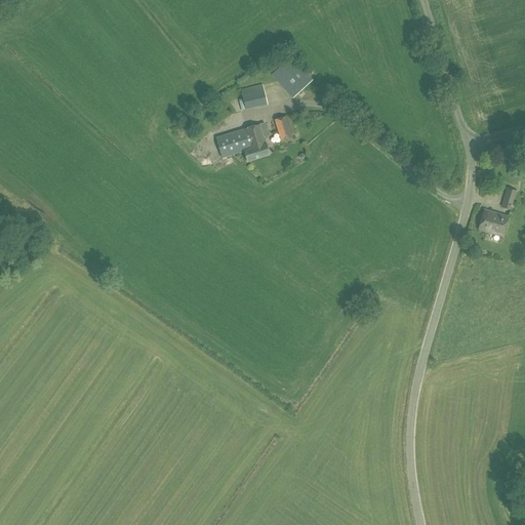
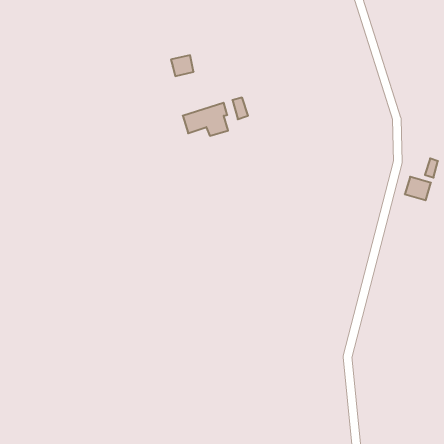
building: [271,55,312,97] -> none
building: [240,84,267,109] -> [171,55,194,76]

